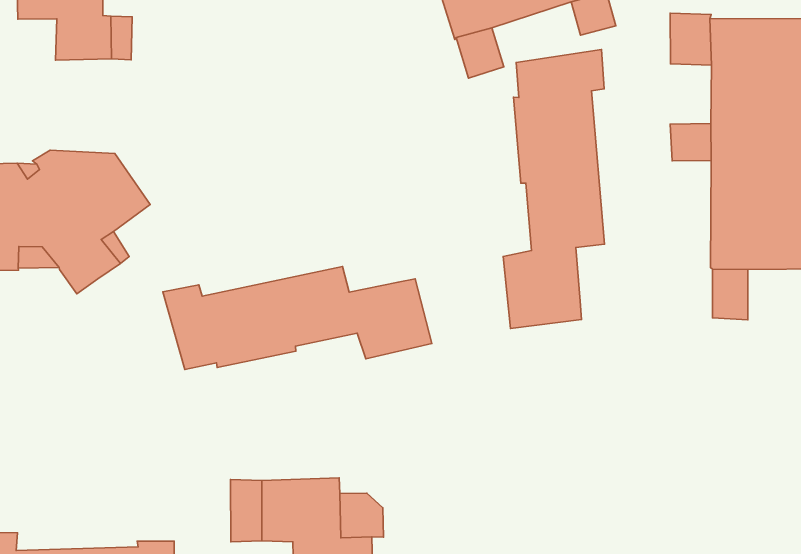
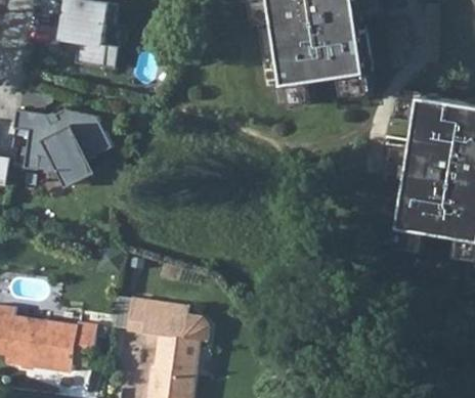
building: [503,49,604,329] -> none
building: [163,266,432,369] -> none

